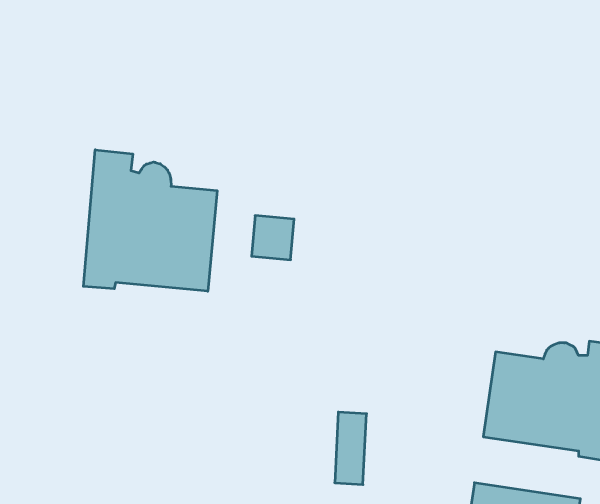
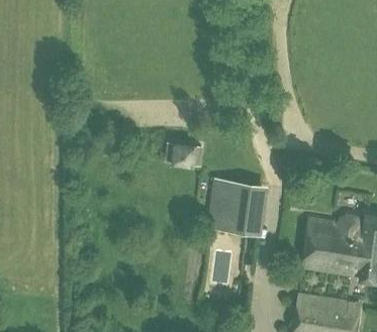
building: [83,150,217,291] -> none
building: none -> [207,178,267,234]

